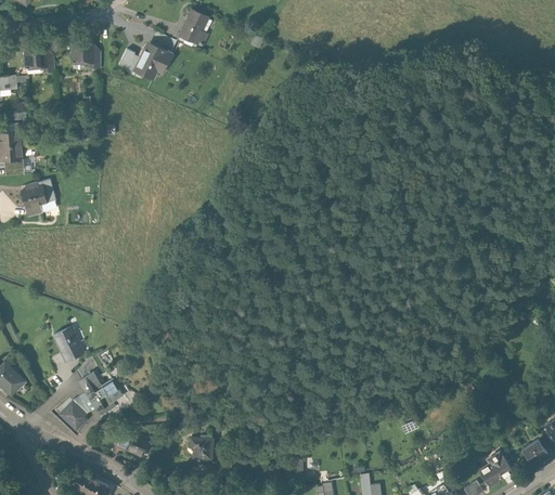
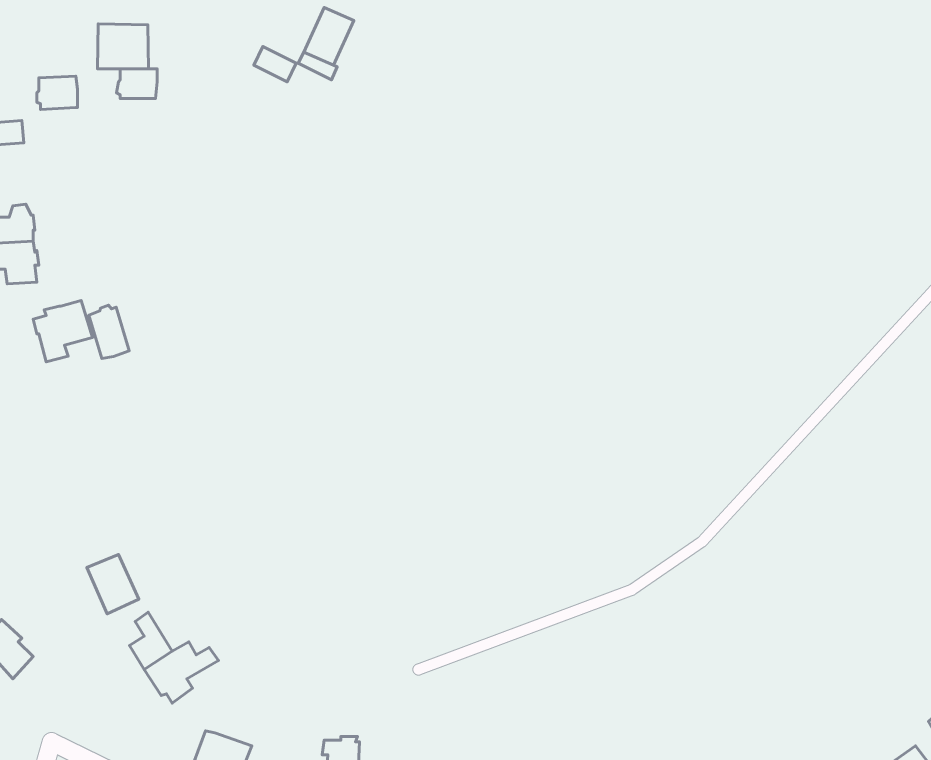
building: none -> [97,24,149,69]
building: [134,40,170,76] -> none
building: none -> [89,305,129,359]
building: [59,402,86,432] -> none

